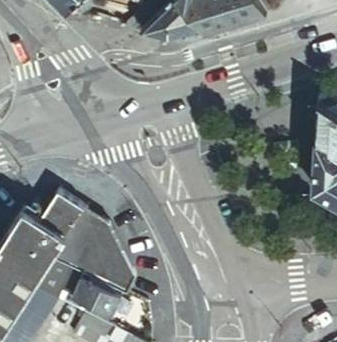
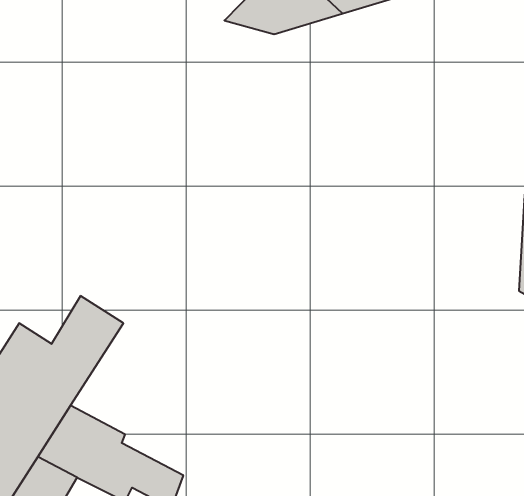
building: [53,207,135,292] -> none

